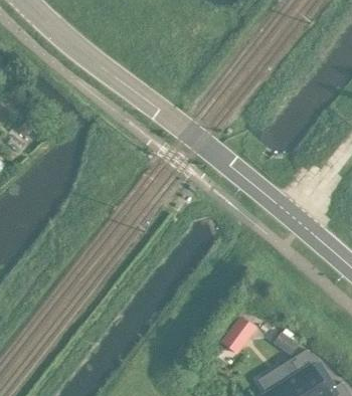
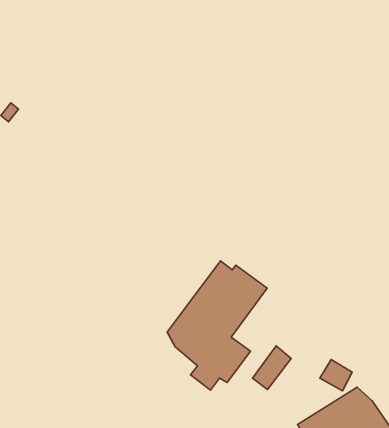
building: none -> [167,261,267,390]

